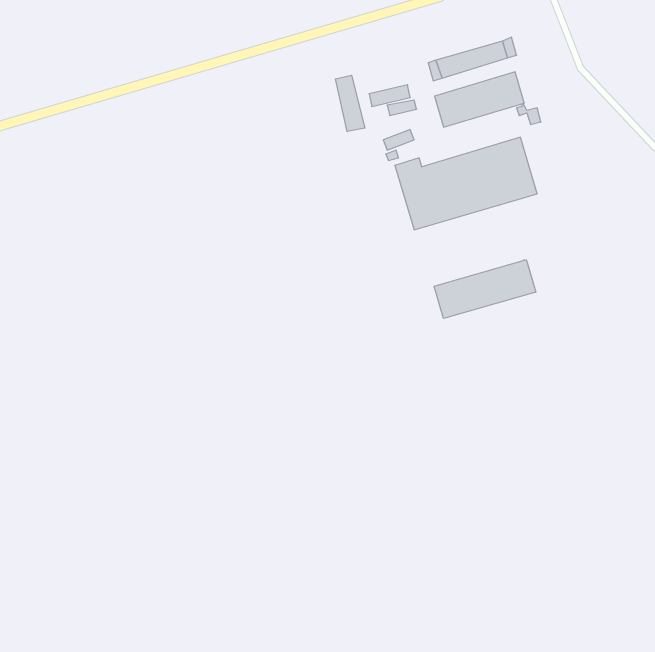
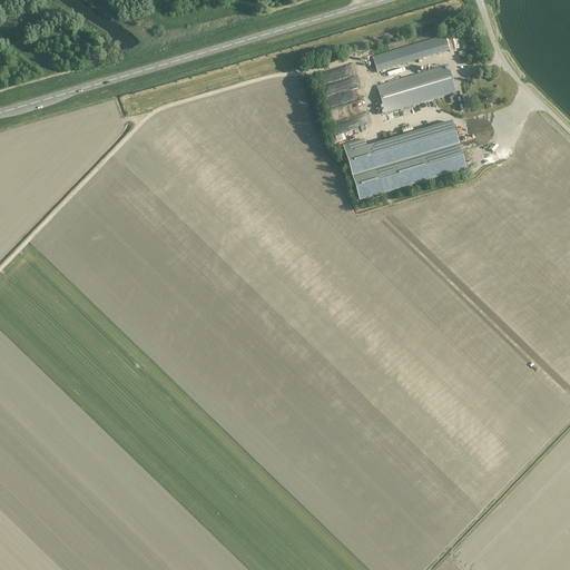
building: [335,75,365,132] -> none
building: [434,260,536,318] -> none

